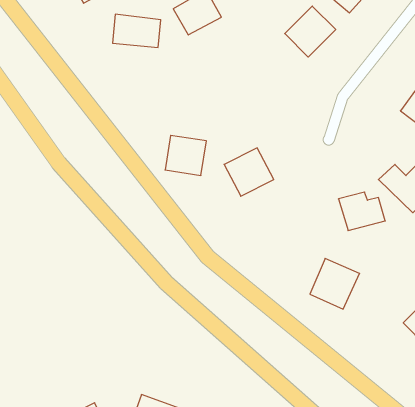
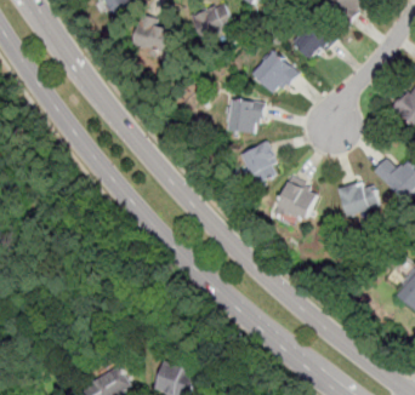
building: none -> [249,48,299,97]
building: [165,135,206,175] -> [227,99,263,134]
building: [310,258,360,309] -> [274,177,318,222]

